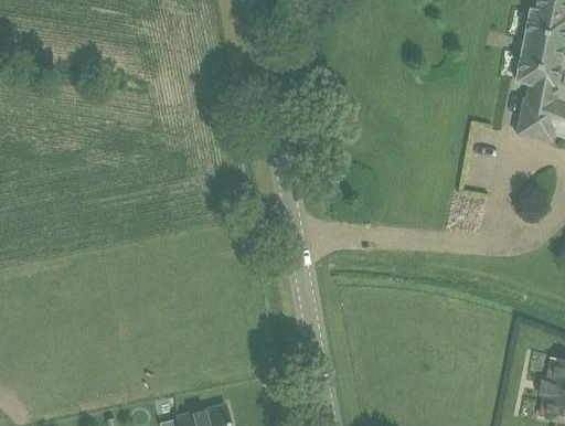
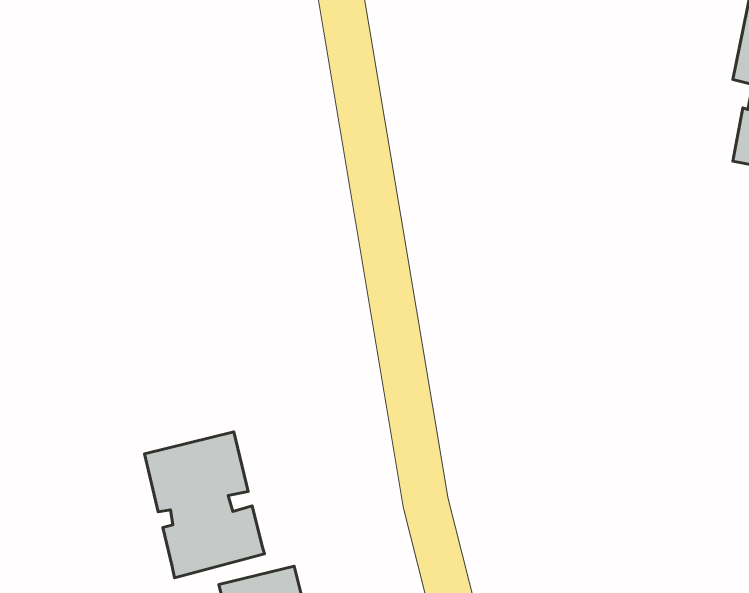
building: none -> [144,432,265,578]

